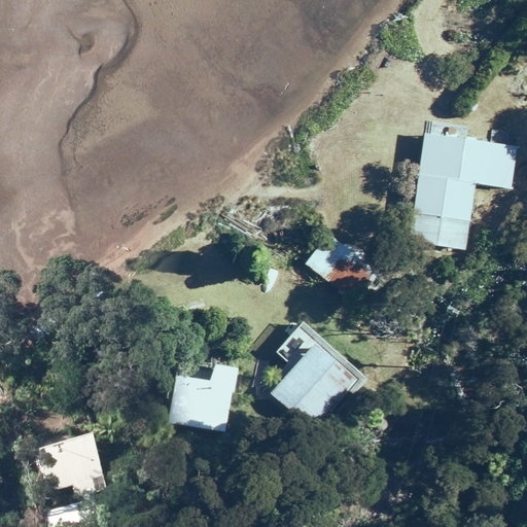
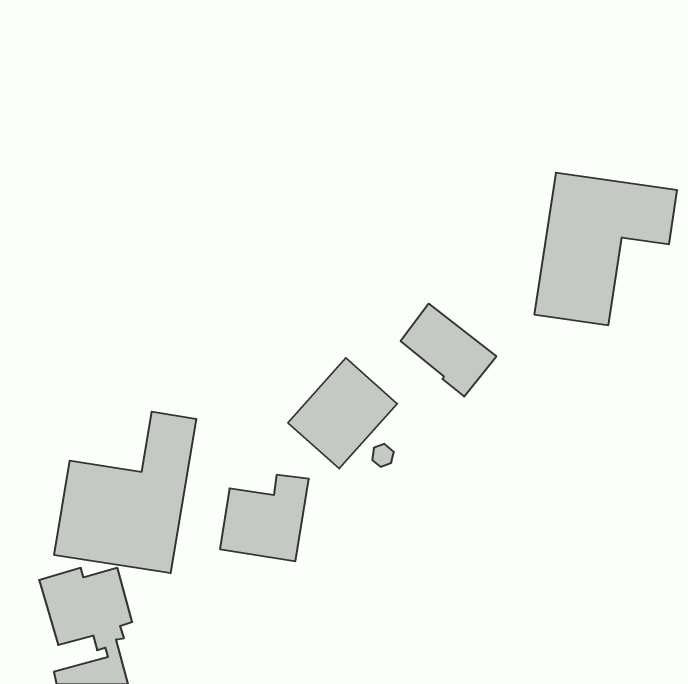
building: none -> [54,412,196,573]
building: [272,342,355,426] -> [288,358,397,469]

